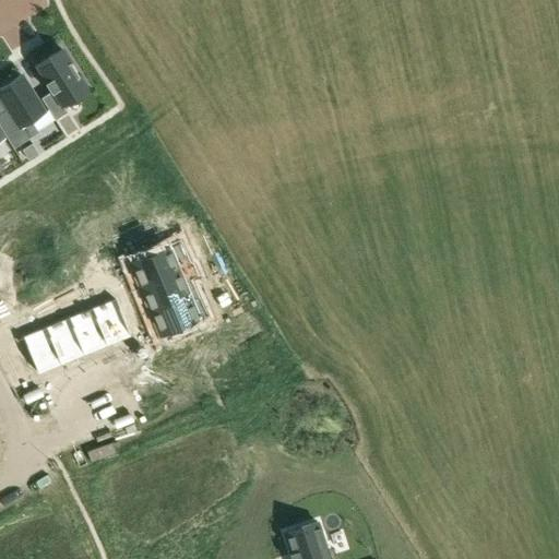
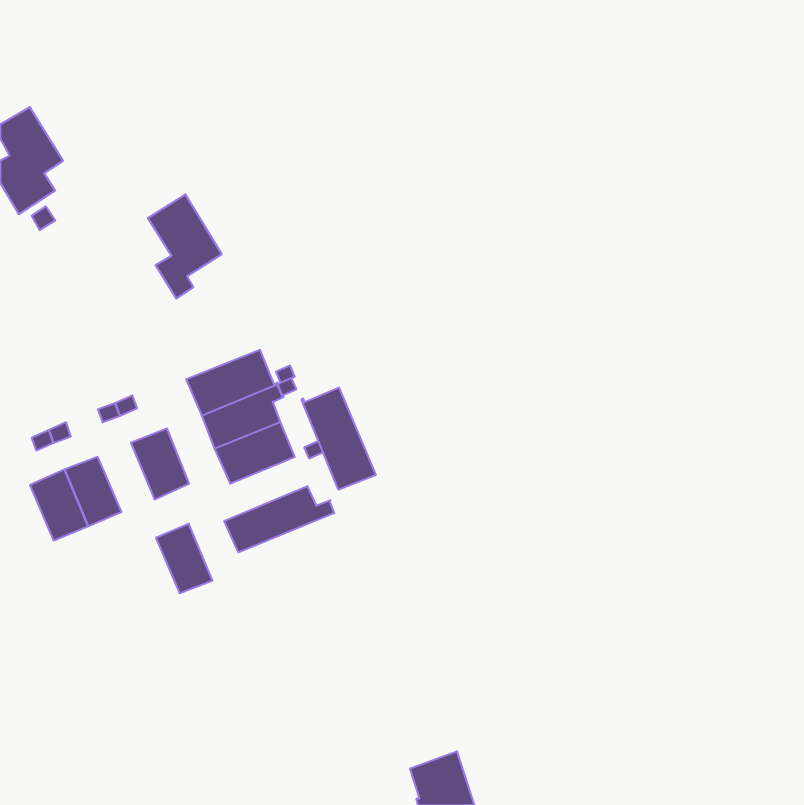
building: [36,48,87,120] -> [148,194,222,298]
building: none -> [302,388,376,490]
building: [69,307,108,355] -> [156,524,213,593]
building: none -> [224,486,334,552]

